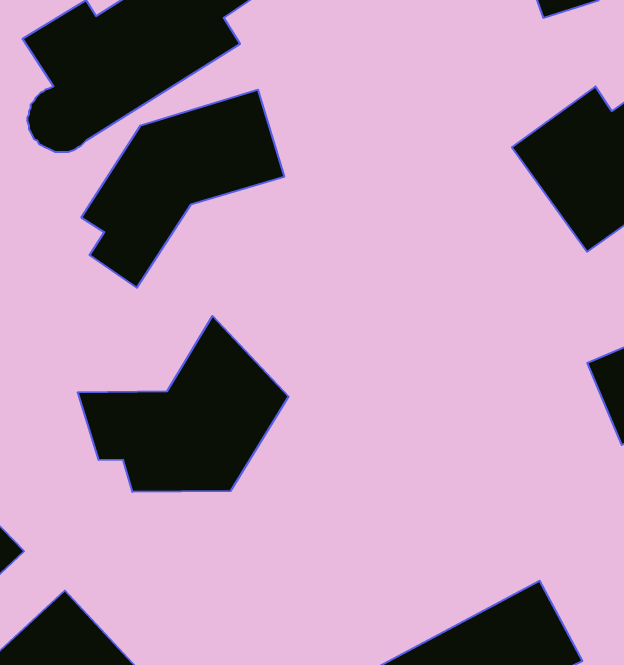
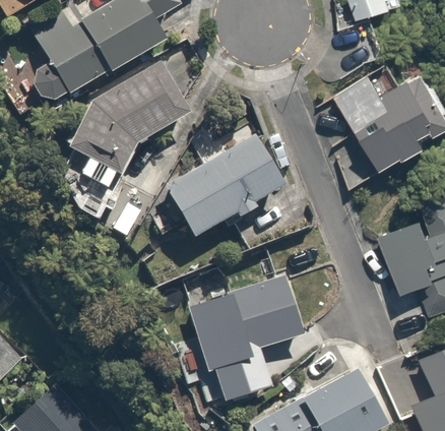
building: none -> [161,132,289,240]
building: [78,316,289,492] -> none
building: none -> [173,278,304,401]

